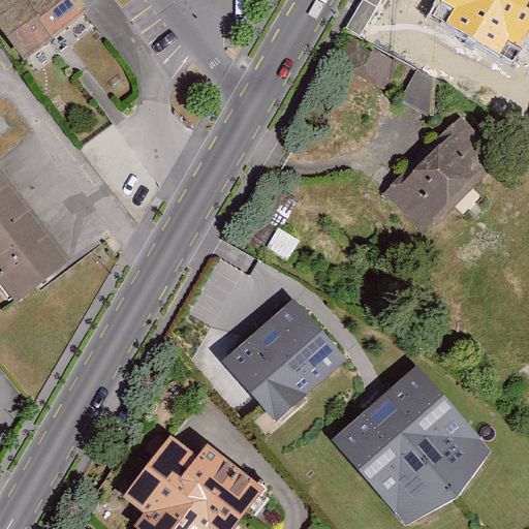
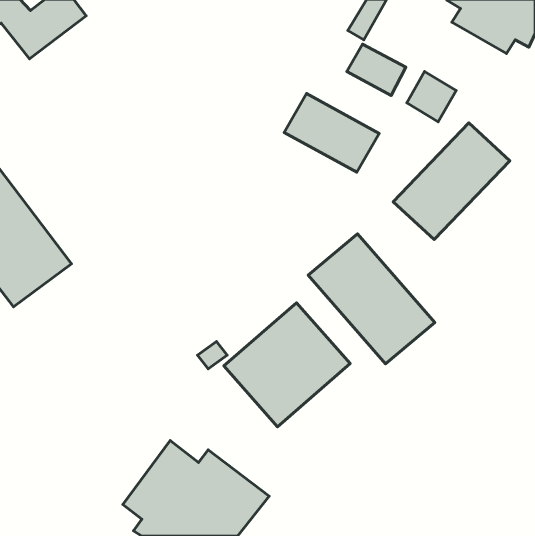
building: none -> [284,94,379,172]
building: none -> [308,234,435,364]
building: [331,364,491,523] -> none

